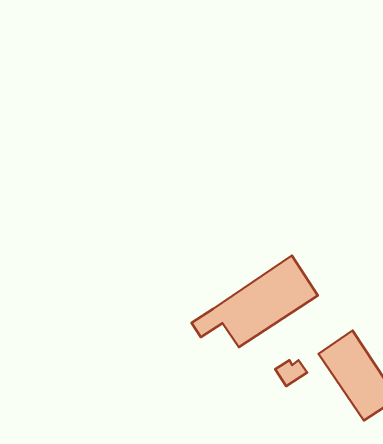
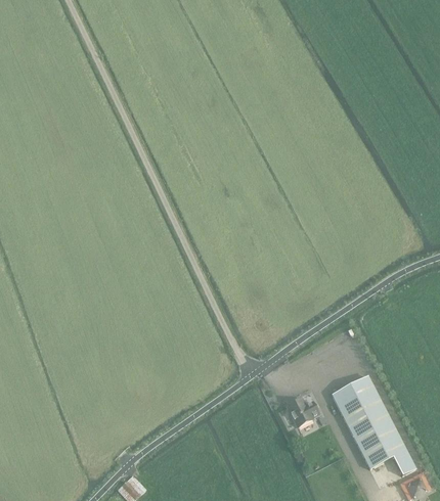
building: [192,256,318,347] -> none

